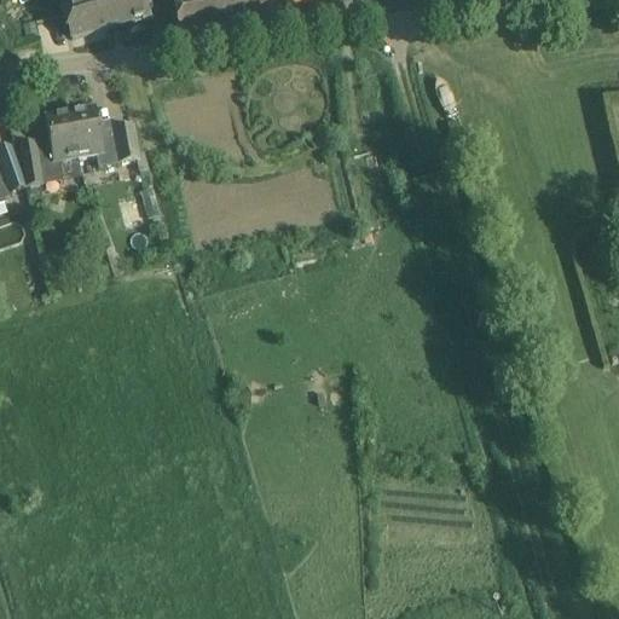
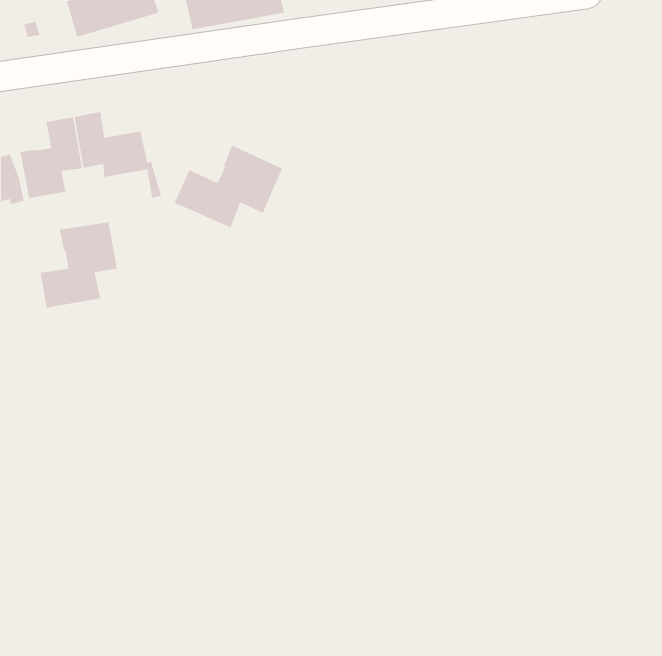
building: none -> [174,145,283,228]
building: none -> [40,222,117,308]

